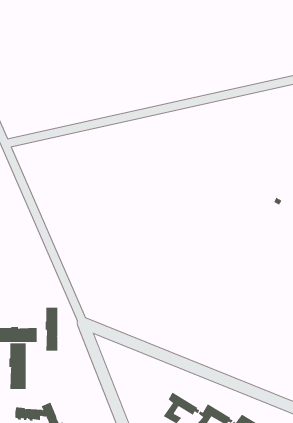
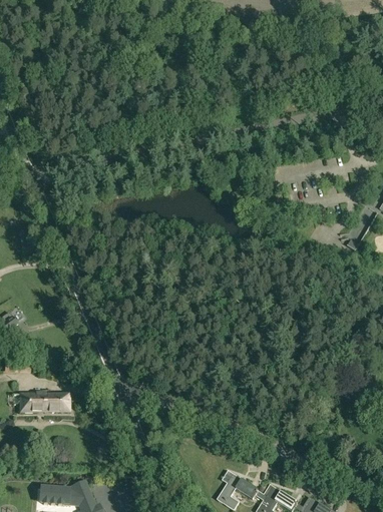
building: [45,307,58,351] -> none
building: [9,343,26,390] -> none

